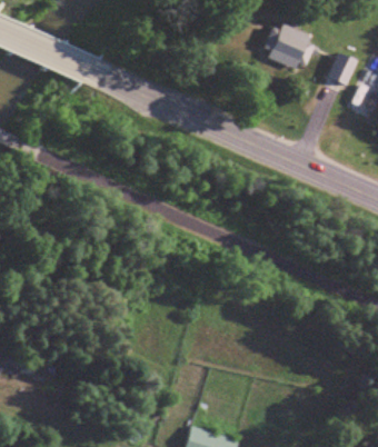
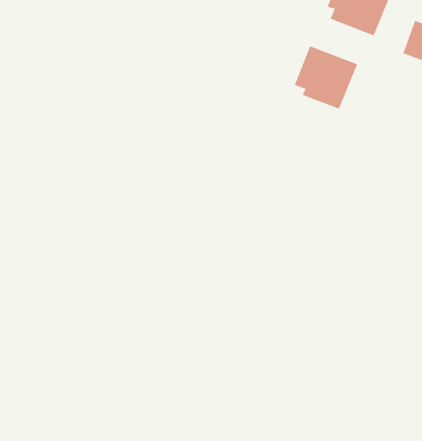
building: none -> [294,45,358,110]

